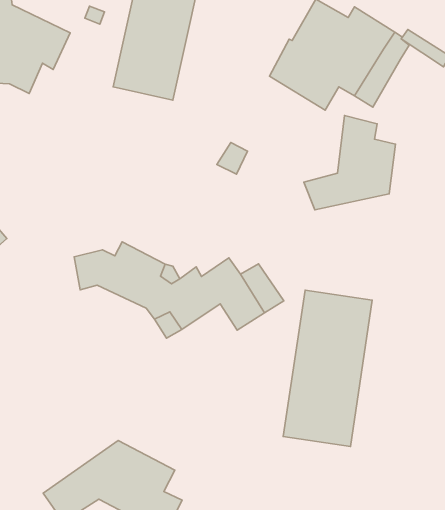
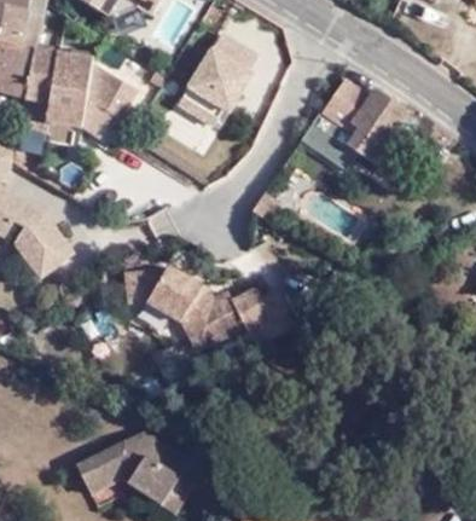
building: [304,115,395,210] -> none
building: [283,290,372,446] -> none

